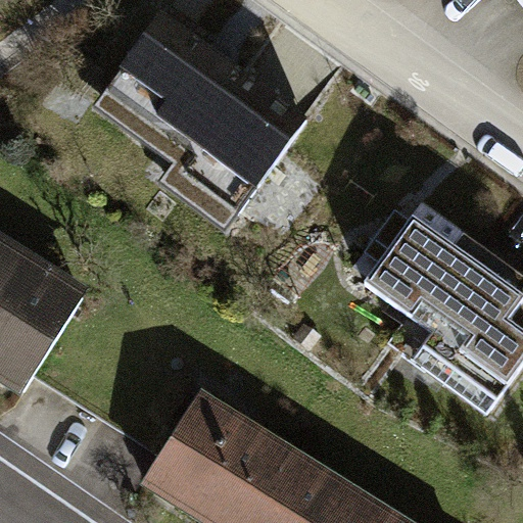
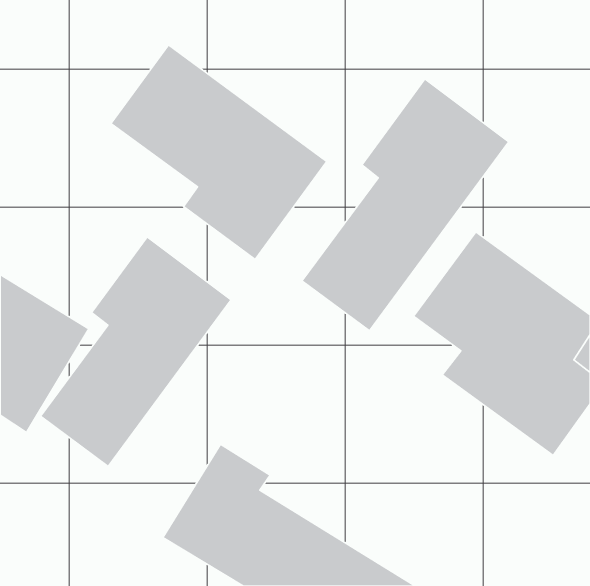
building: none -> [302,79,509,331]
building: none -> [40,237,231,466]

